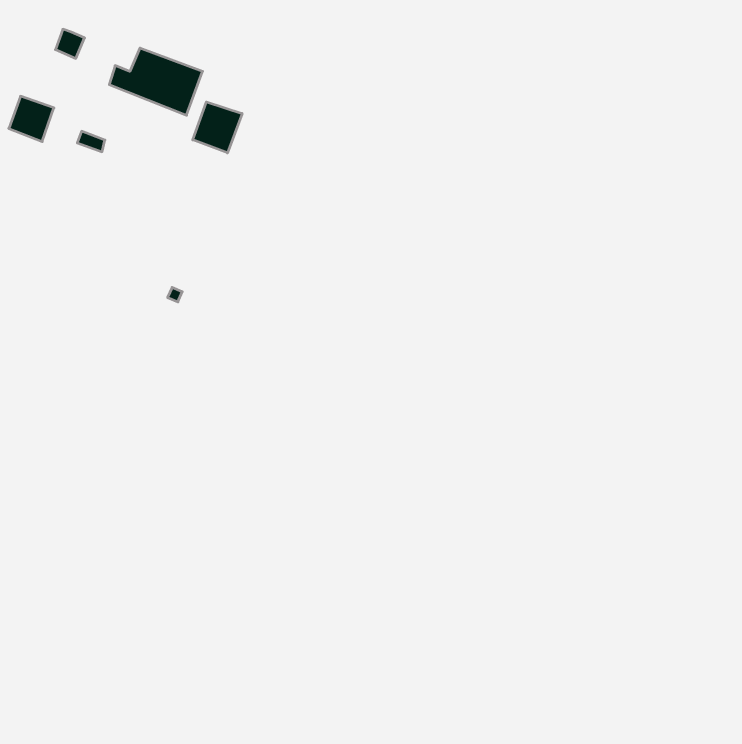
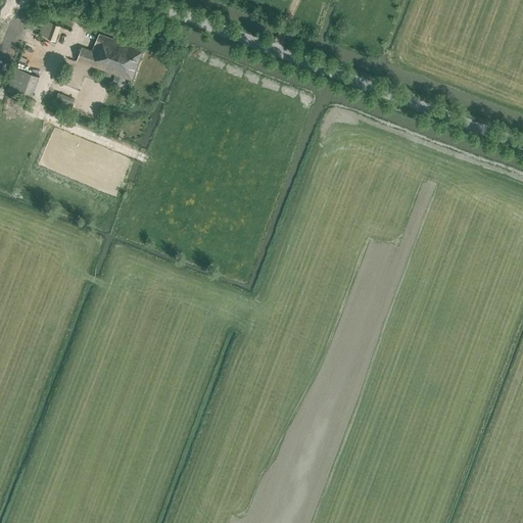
building: [193,102,242,153] -> none

